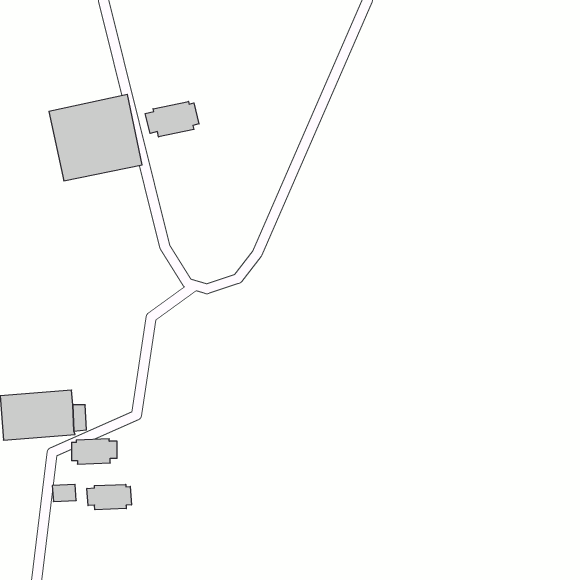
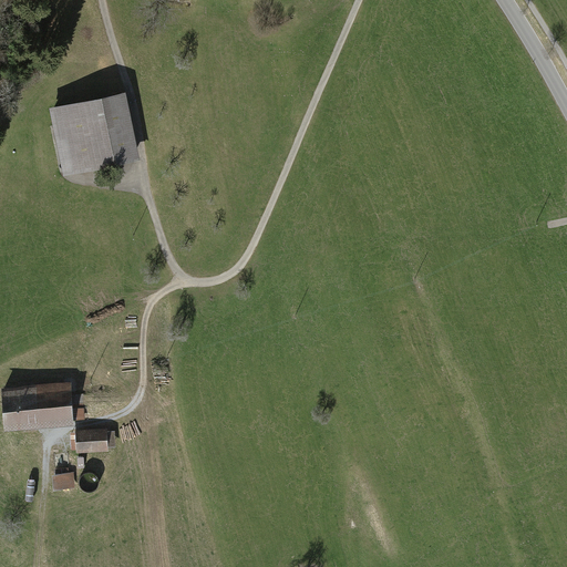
building: [145,101,199,137] -> none
building: [87,484,131,510] -> none

